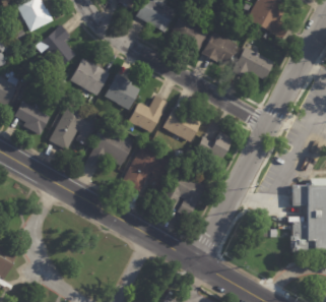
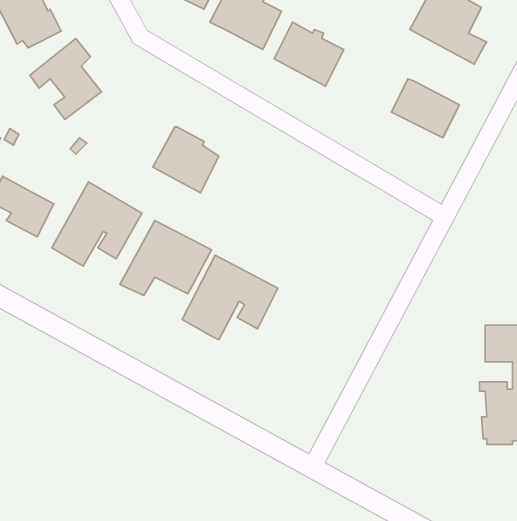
building: [201,32,239,67] -> none
building: [70,59,110,97] -> none
building: [128,97,167,134] -> none
building: [162,108,200,143] -> none
building: [195,132,231,163] -> none
building: [162,171,208,221] -> none

